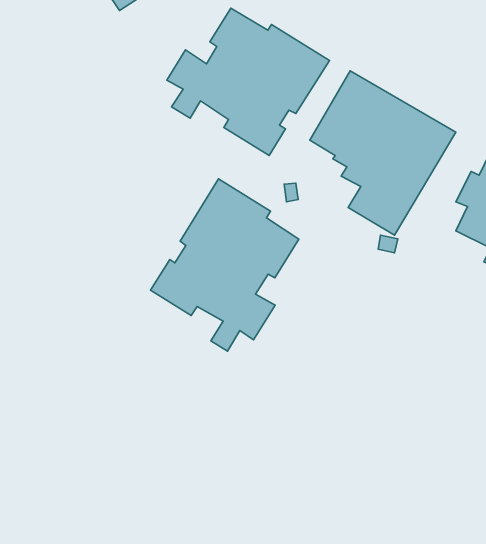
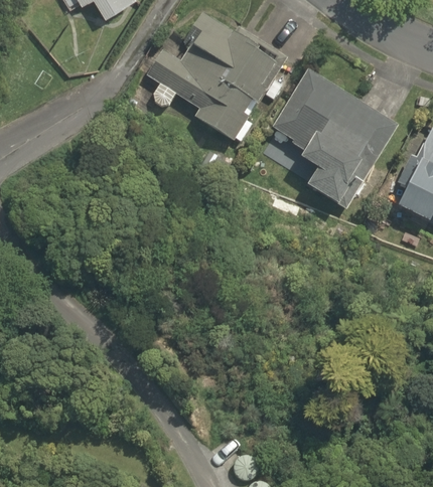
building: [151,179,299,351] -> none

